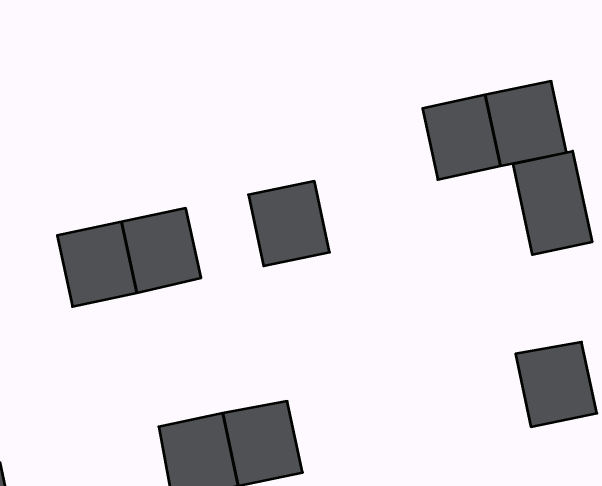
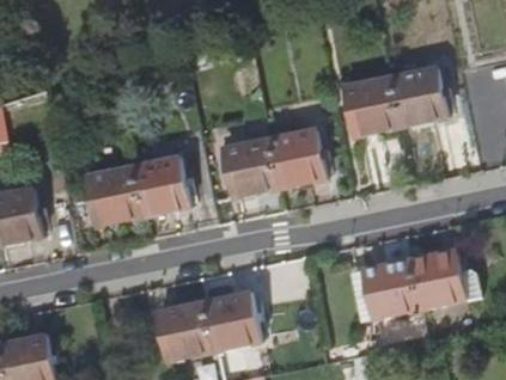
building: [513,151,592,255] -> none
building: none -> [268,128,325,188]
building: none -> [366,259,421,319]

